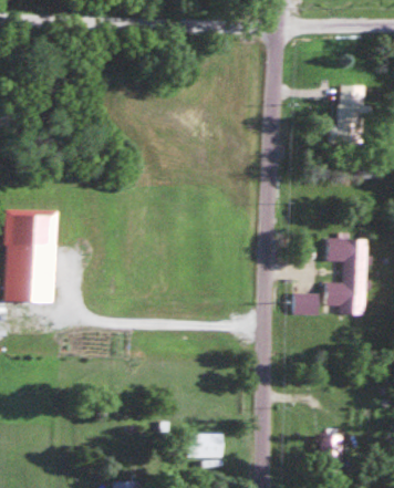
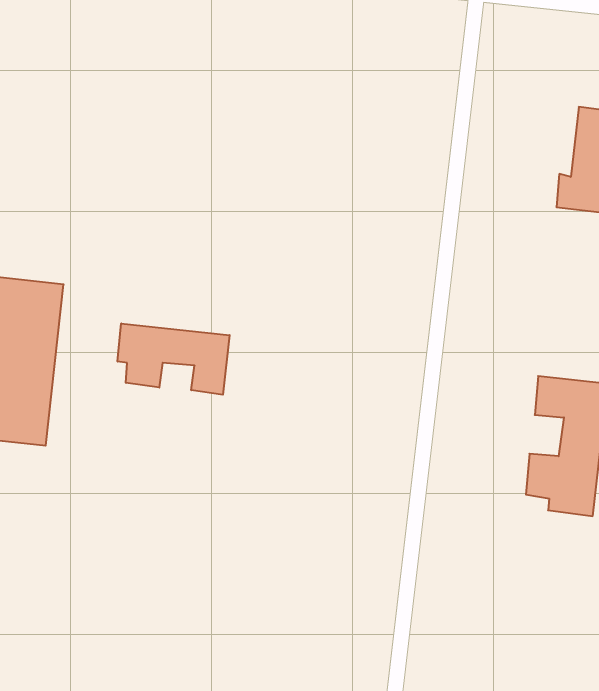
building: none -> [118,323,230,395]
building: [293,294,320,315] -> none

